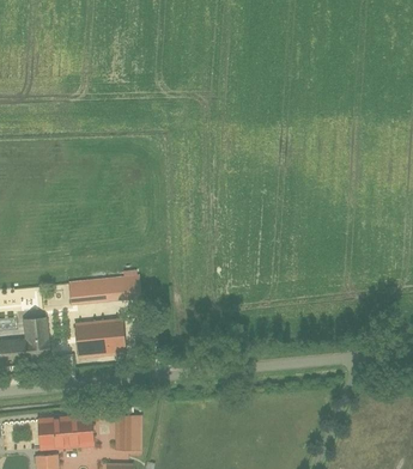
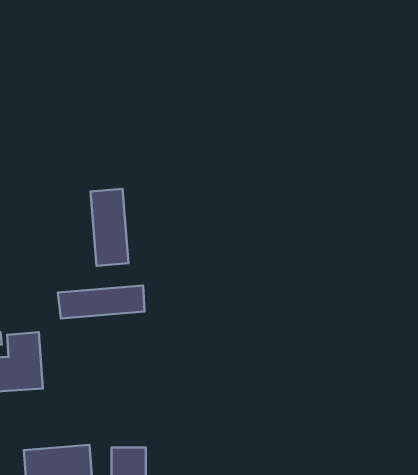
building: none -> [91,189,129,266]
building: [71,319,126,357] -> none

